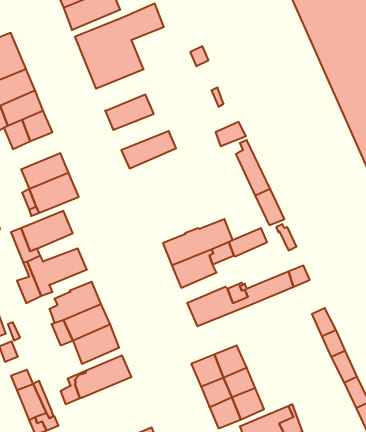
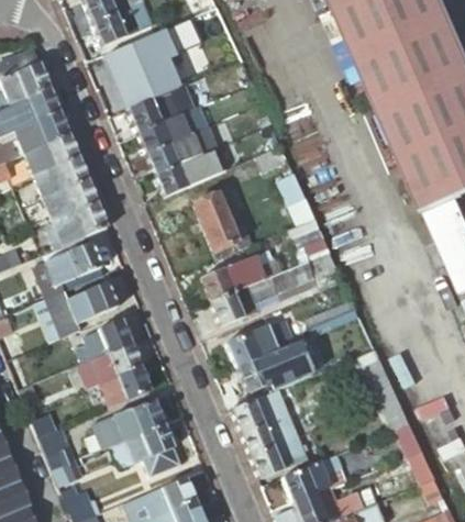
building: none -> [125,92,180,134]
building: none -> [144,130,214,177]
building: none -> [35,157,87,198]
building: none -> [191,188,251,259]
building: none -> [235,344,301,393]
building: none -> [111,423,180,477]

